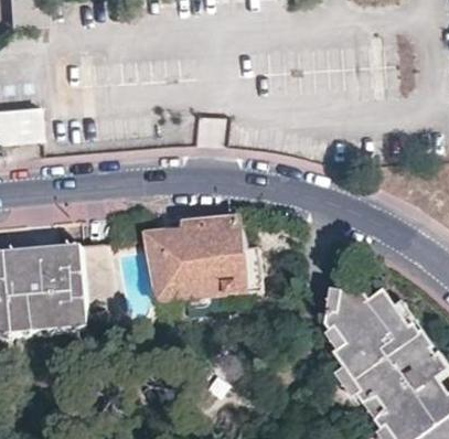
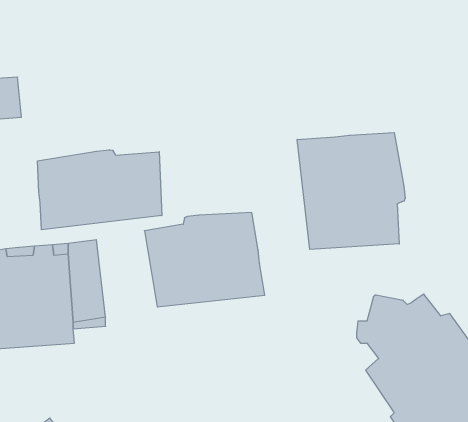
building: none -> [297,133,405,249]
building: none -> [38,150,162,230]

